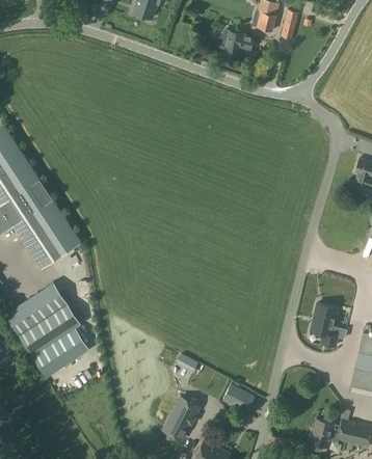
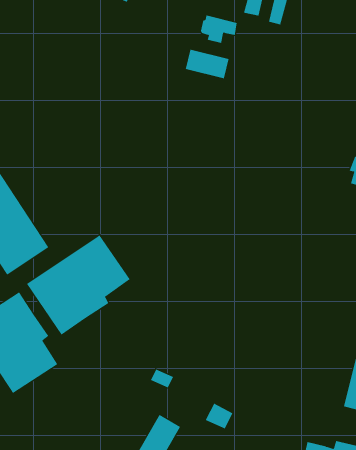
building: none -> [185,49,229,79]
building: none -> [26,235,130,335]
building: [311,304,338,347] -> none

